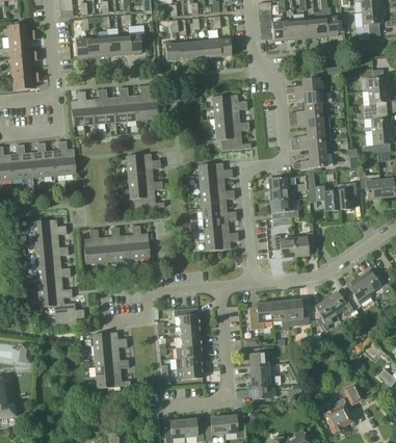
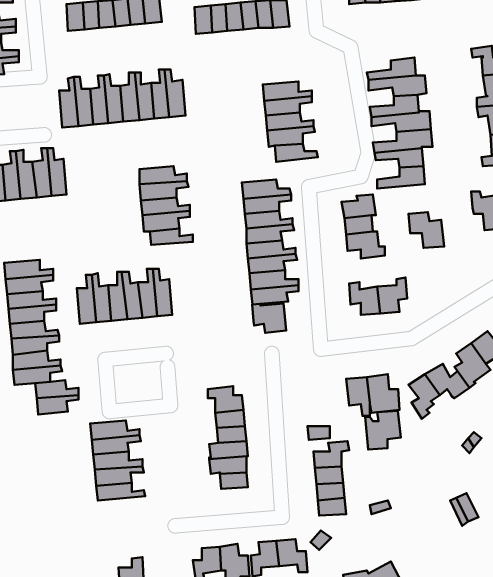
building: [338,182,362,209] -> none
building: none -> [252,303,286,333]
building: [248,302,273,329] -> [365,411,401,449]
building: [321,397,353,433] -> none

